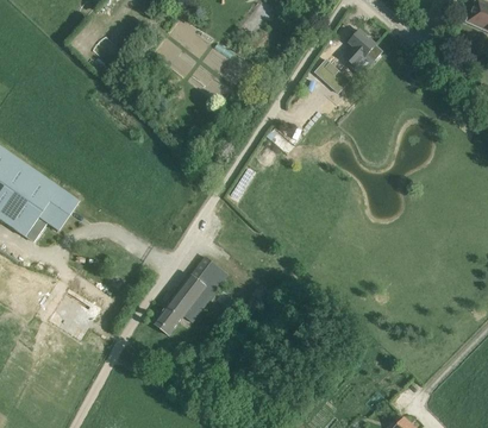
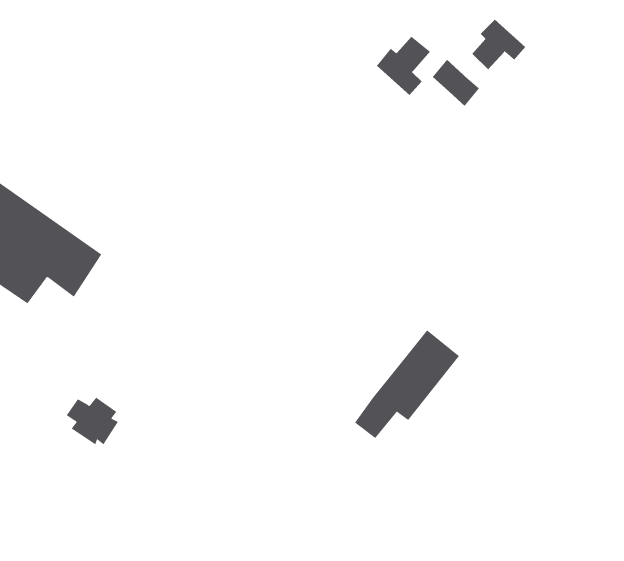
building: none -> [376,36,431,96]
building: [154,257,230,335] -> [354,330,460,439]

